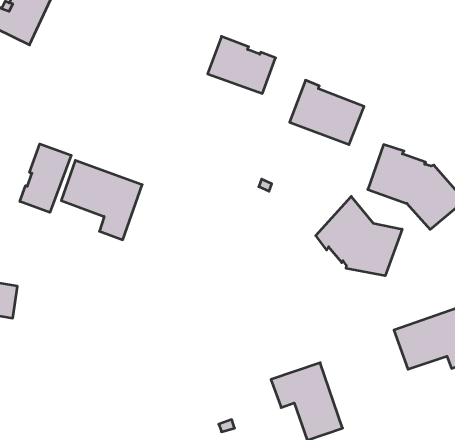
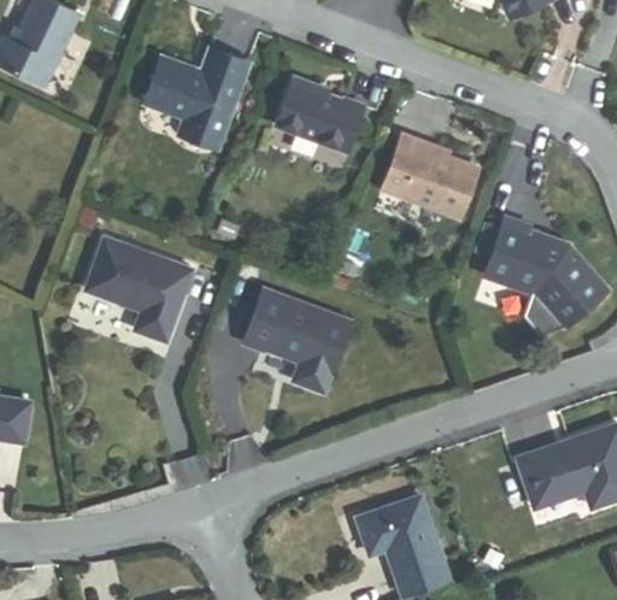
building: none -> [143,47,249,148]
building: [20,144,71,212] -> none
building: [316,196,402,276] -> none
building: none -> [243,287,351,390]

